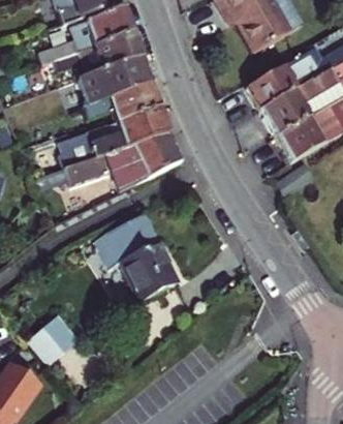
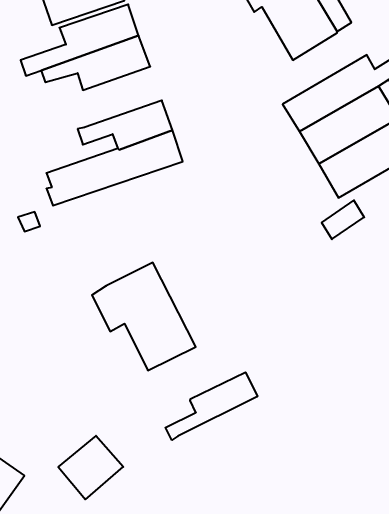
building: [80,58,151,107] -> none
building: [57,133,182,189] -> none
building: none -> [165,372,257,440]
building: [28,314,80,365] -> [58,436,123,499]

